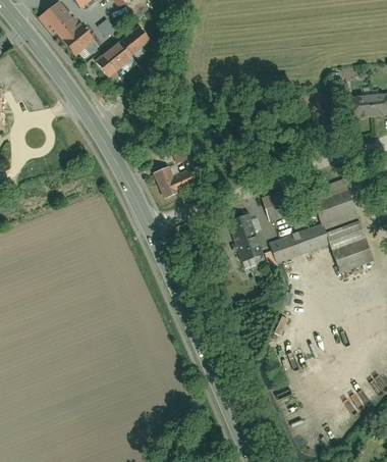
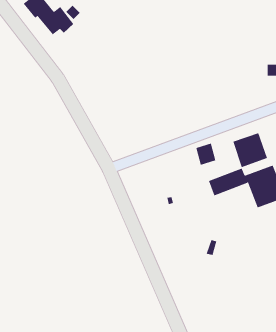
building: [95,21,158,80] -> none
building: [154,167,198,200] -> none
building: [228,215,262,260] -> none

